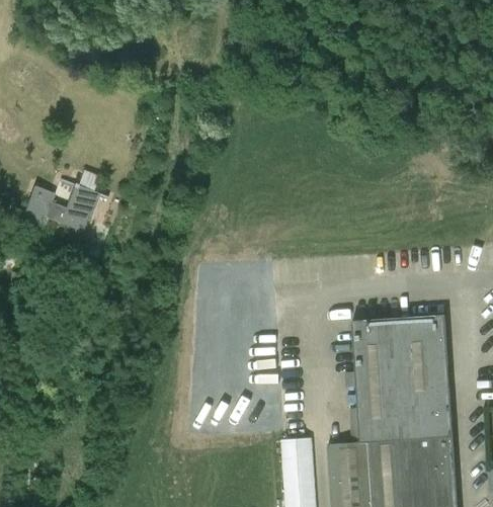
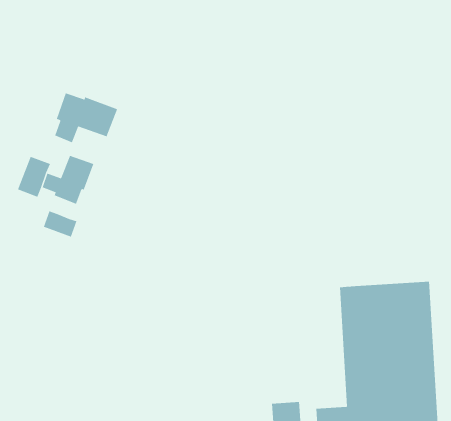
building: none -> [54,93,118,143]
building: none -> [43,211,77,238]

